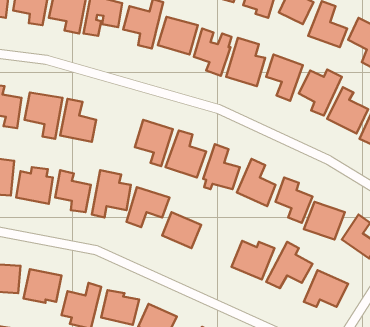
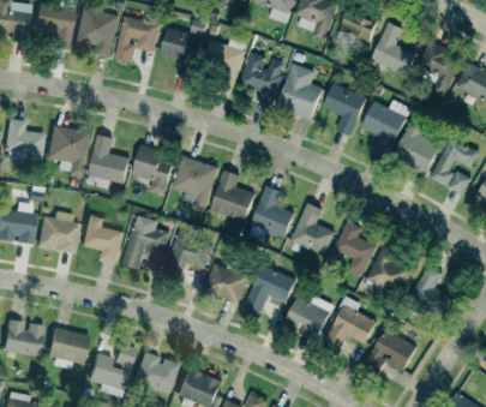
building: none -> [132,143,172,194]
building: none -> [246,259,296,313]

